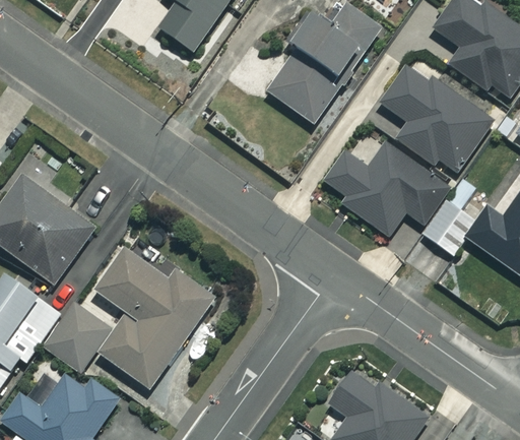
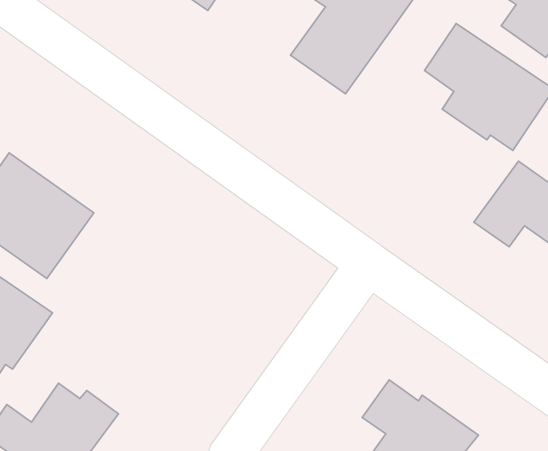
building: [324,142,450,237] -> none
building: [43,248,215,389] -> none

